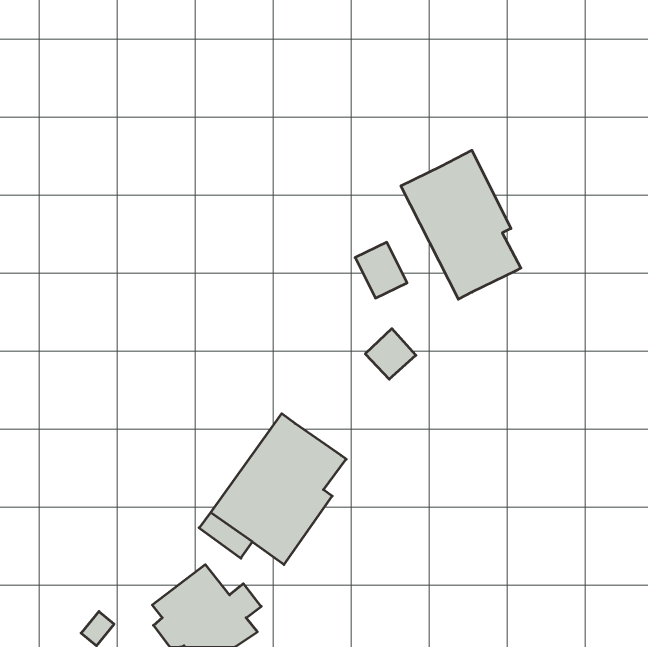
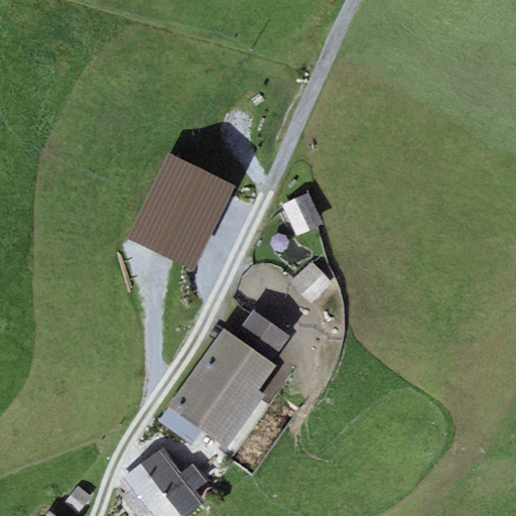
building: [401,150,521,299] -> none
building: none -> [126,153,235,271]
building: none -> [235,311,289,362]

